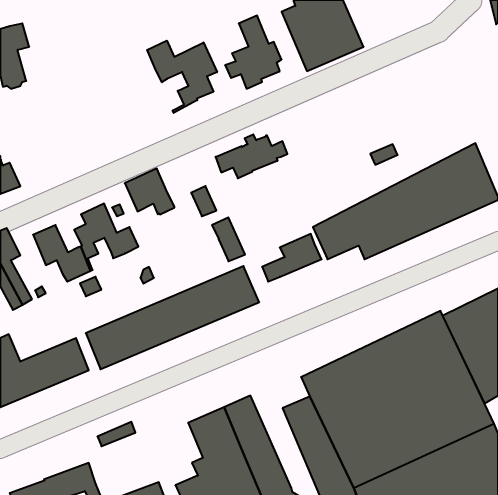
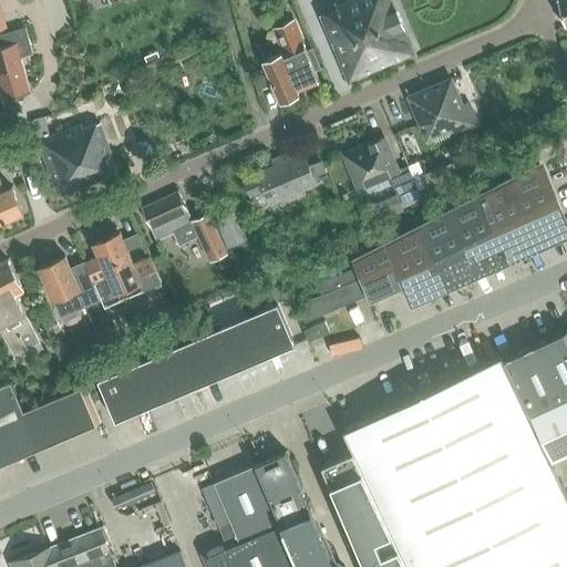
building: [147,41,217,113] -> none
building: none -> [410,84,476,140]
building: none -> [38,126,118,198]
building: none -> [343,141,419,204]
building: [212,217,245,261] -> [190,214,228,264]

